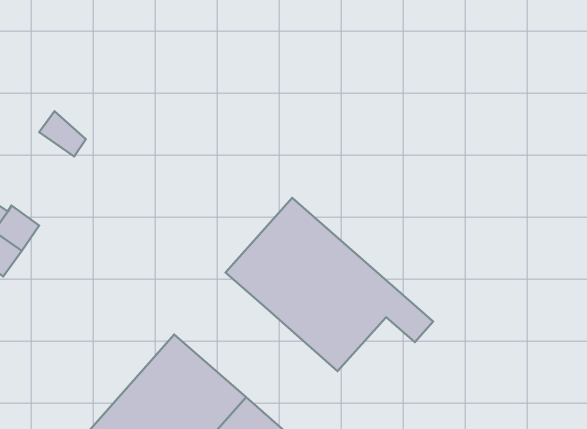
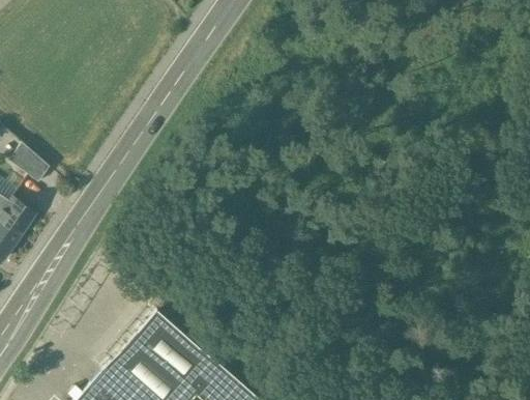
building: [39,111,86,156] -> [7,142,49,182]
building: [225,198,433,371] -> none

